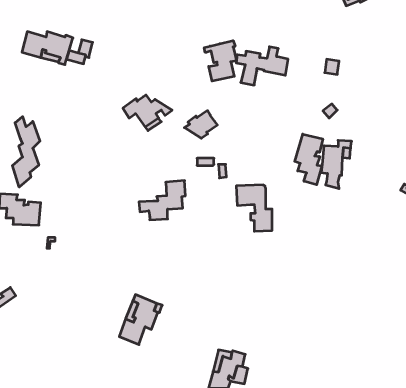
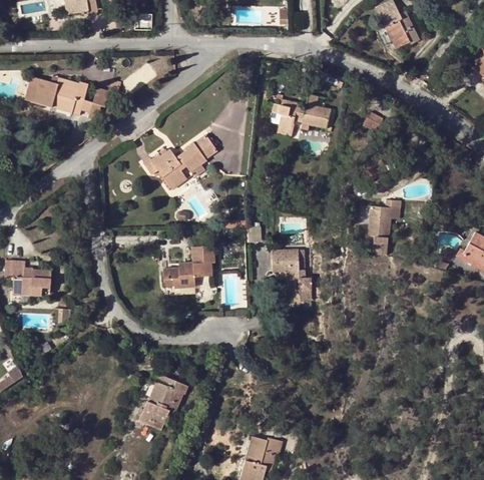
building: [204,41,237,81] -> none
building: [184,111,217,138] -> [179,135,216,166]
building: [12,117,40,187] -> none
building: [295,134,323,185] -> none

